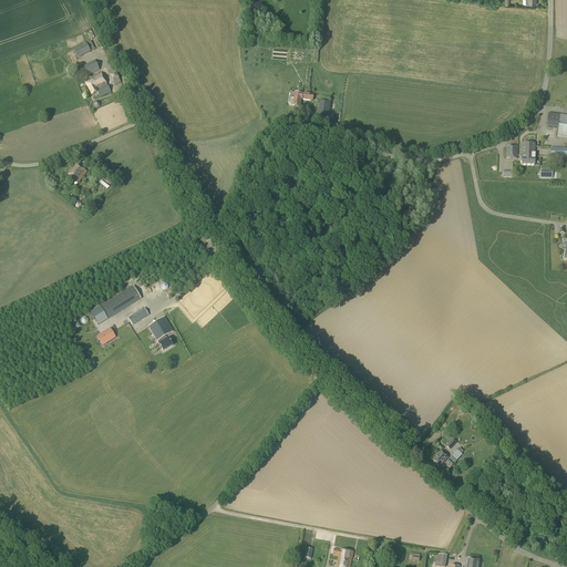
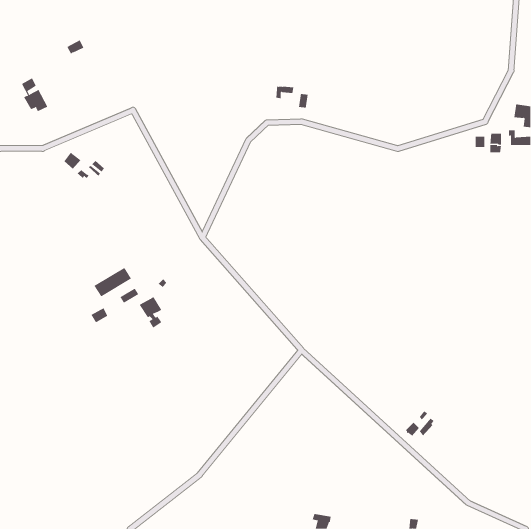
building: [82,59,111,95] -> [21,78,48,112]

